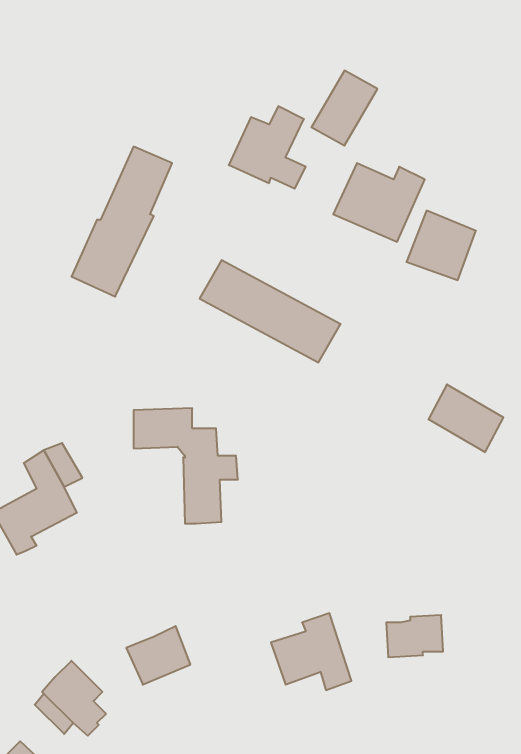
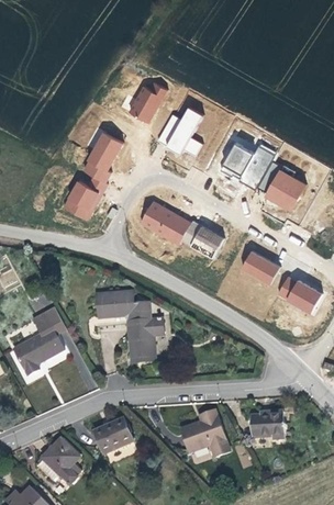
building: [311,71,377,146] -> [127,78,167,123]
building: none -> [238,249,279,284]

